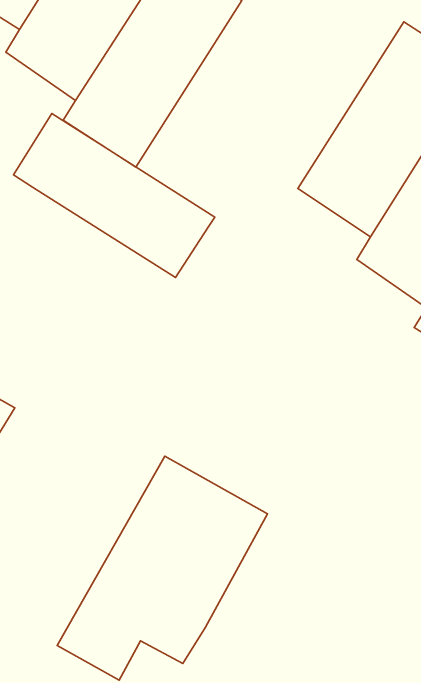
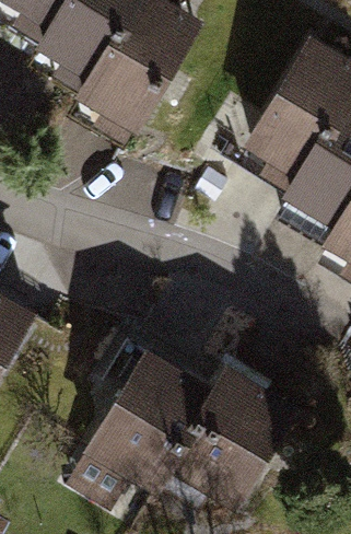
building: [13,114,215,277] -> none
building: none -> [175,373,294,507]

